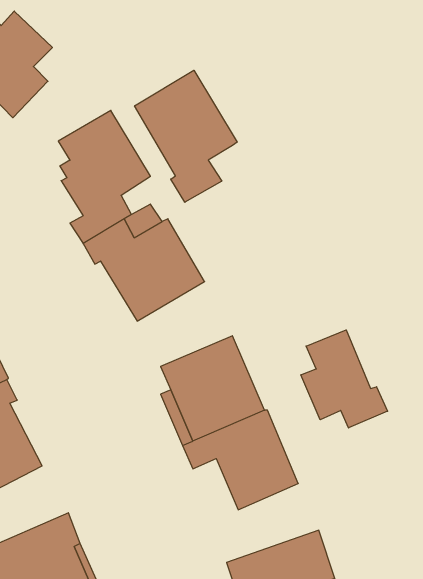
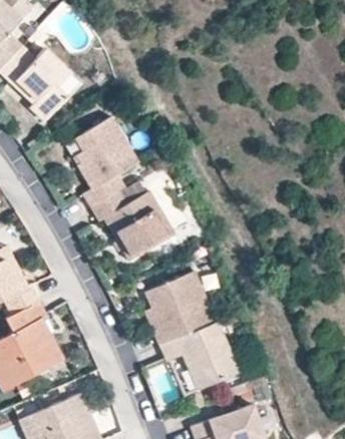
building: [135,70,237,202] -> none
building: [301,330,388,428] -> none

